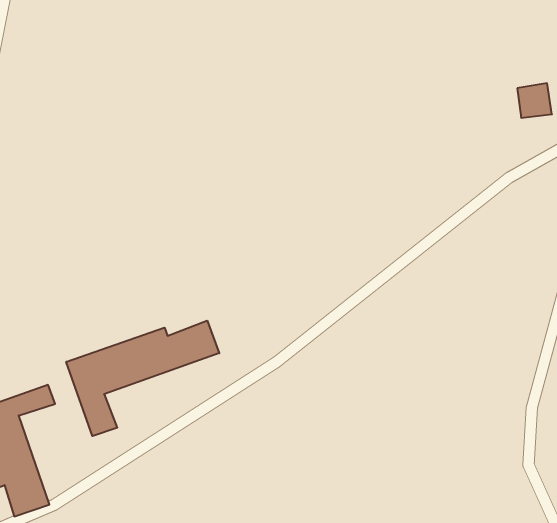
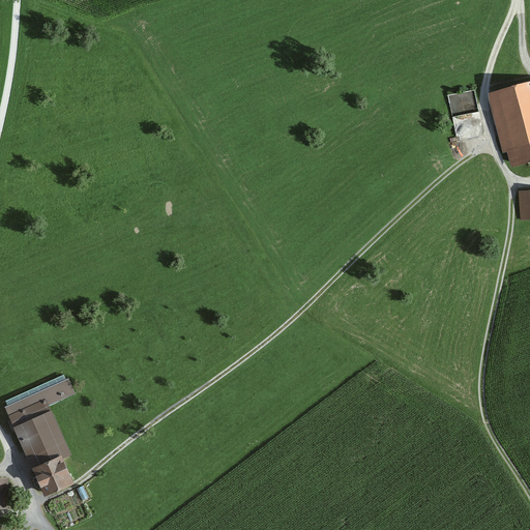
building: [66,321,219,436] -> none

